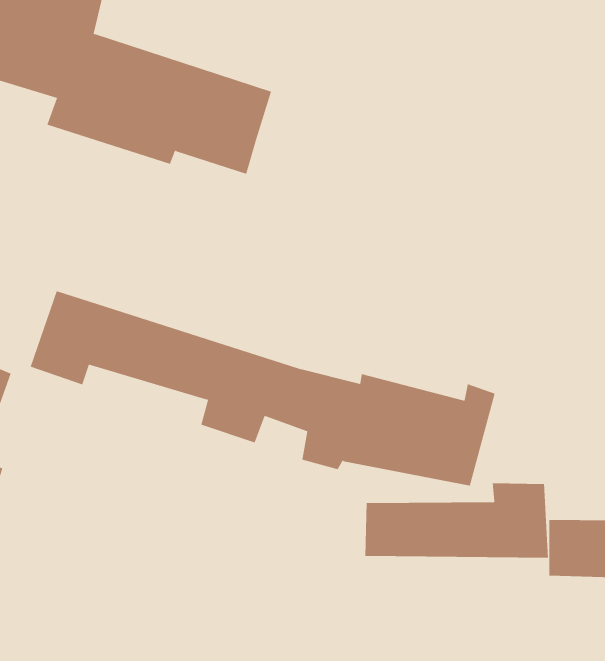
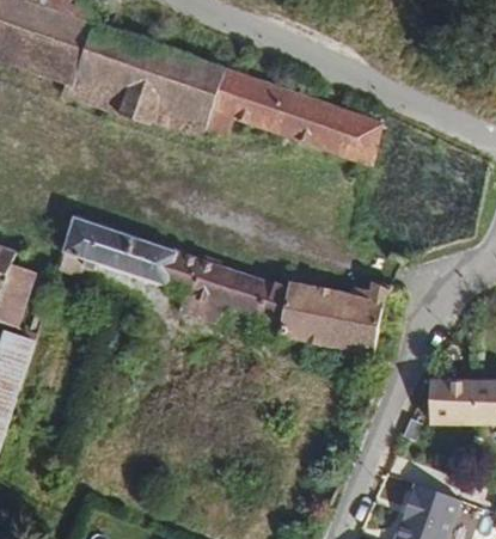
building: none -> [215,73,384,158]
building: [365,483,548,558] -> none

